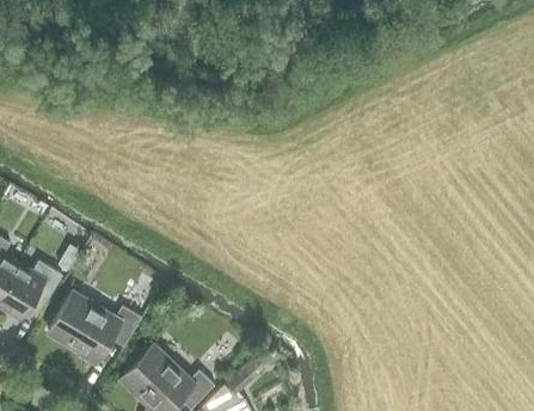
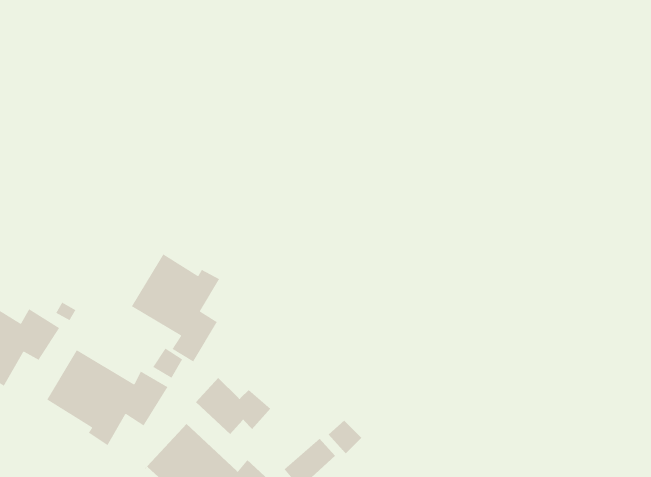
building: none -> [131,248,220,363]
building: none -> [195,377,271,435]

